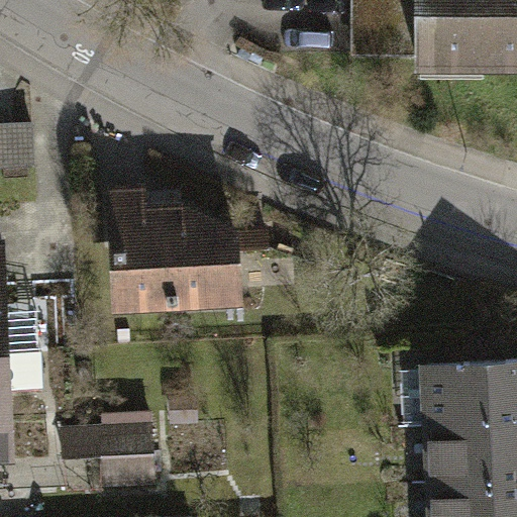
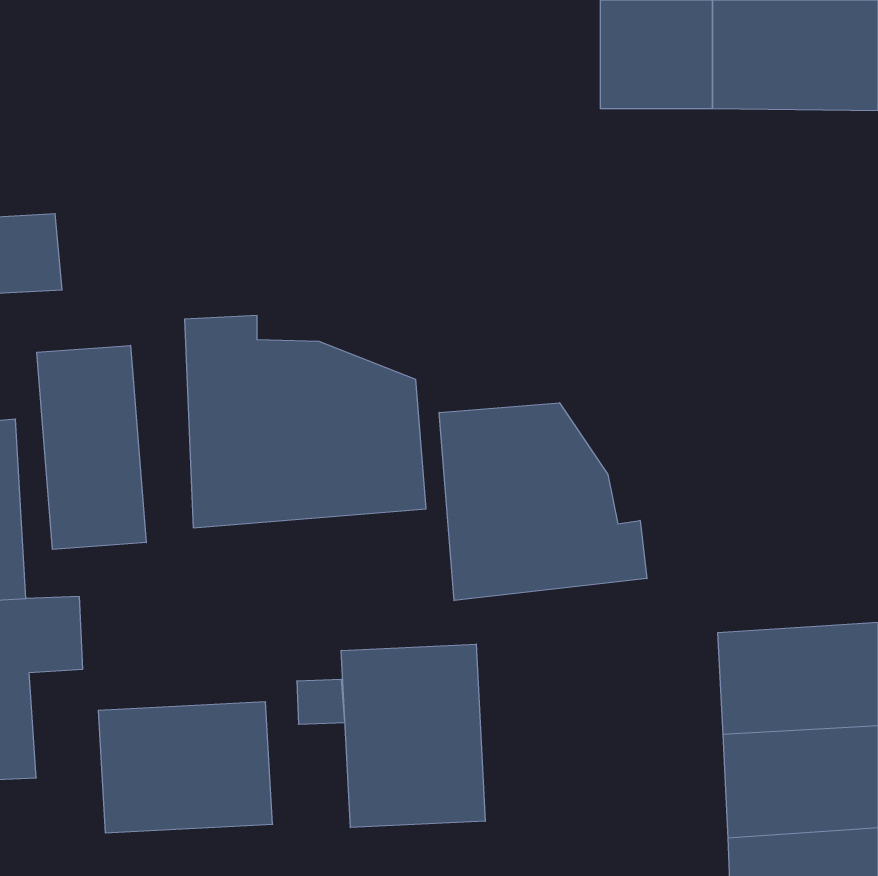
building: none -> [37,345,146,549]
building: none -> [439,403,647,601]
building: none -> [341,644,485,828]

